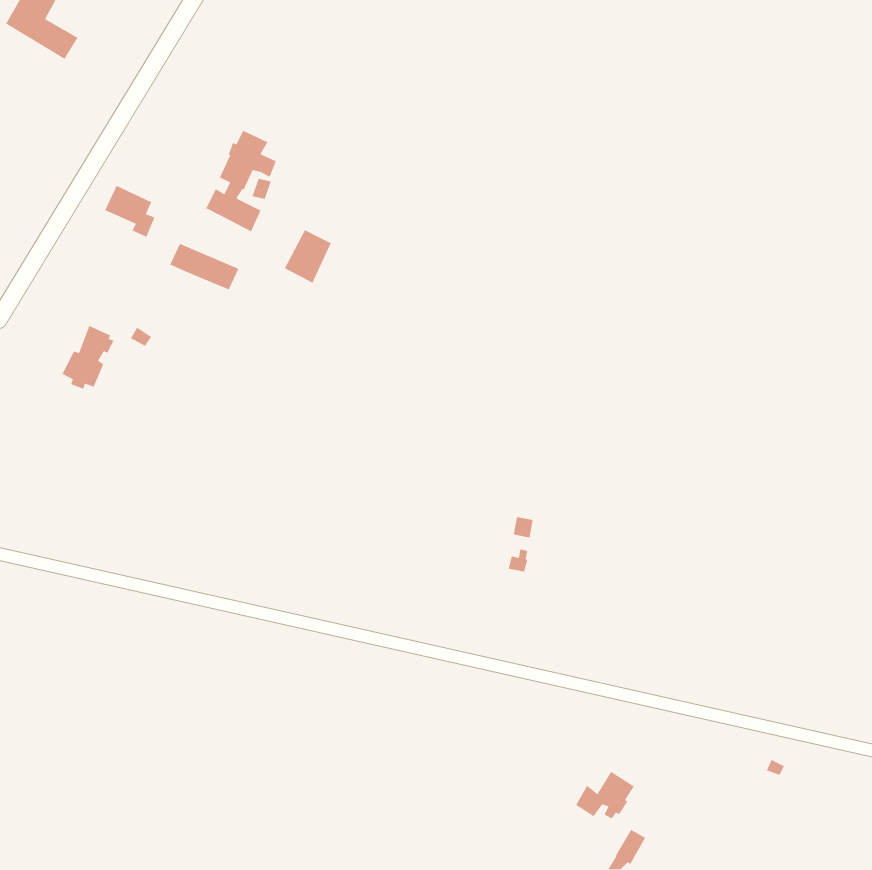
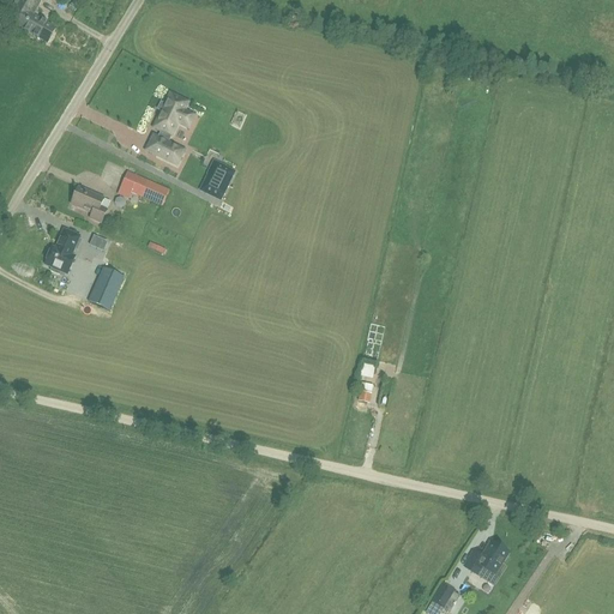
building: [104,185,155,238] -> [70,185,106,222]
building: none -> [88,267,122,309]
building: [575,771,635,819] -> [464,541,506,574]

